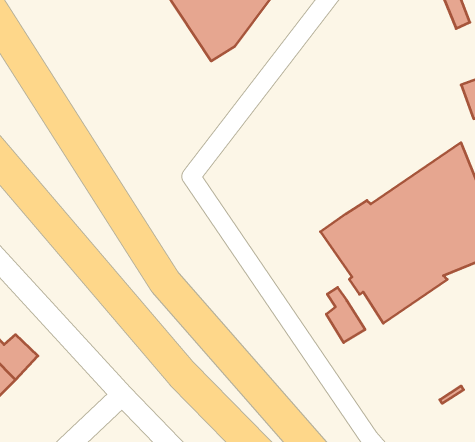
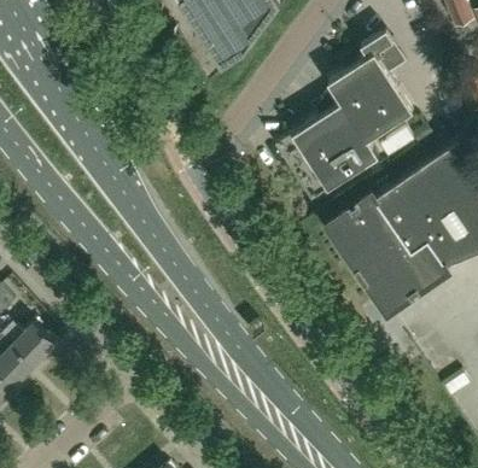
building: none -> [275,30,413,199]
building: [326,287,365,343] -> none

